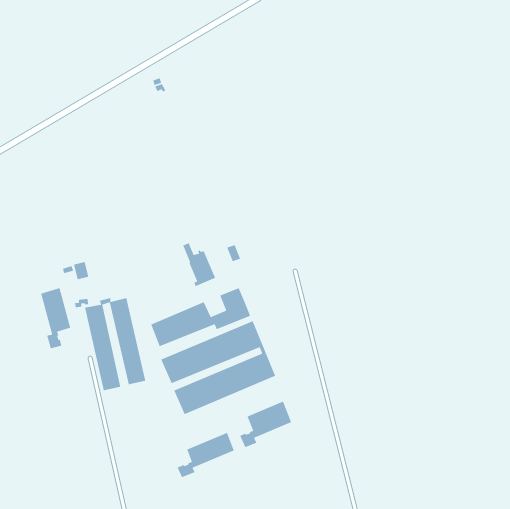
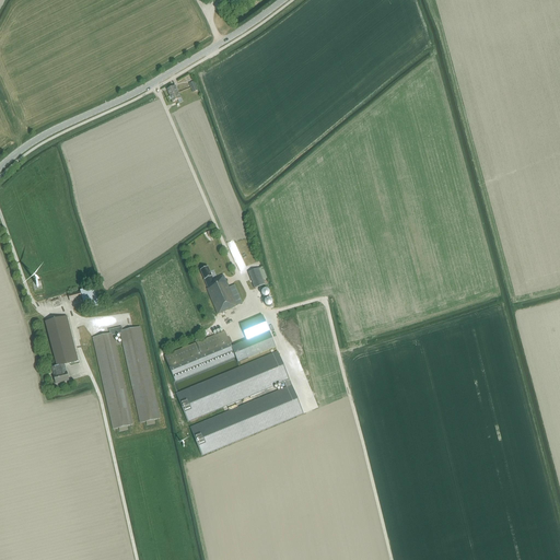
building: [239,400,292,448] -> none
building: [177,432,235,478] -> none

